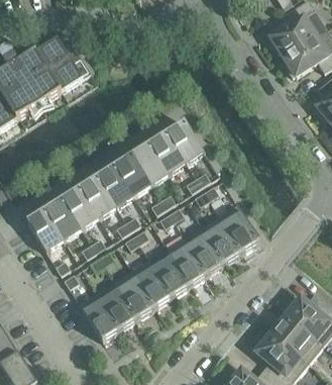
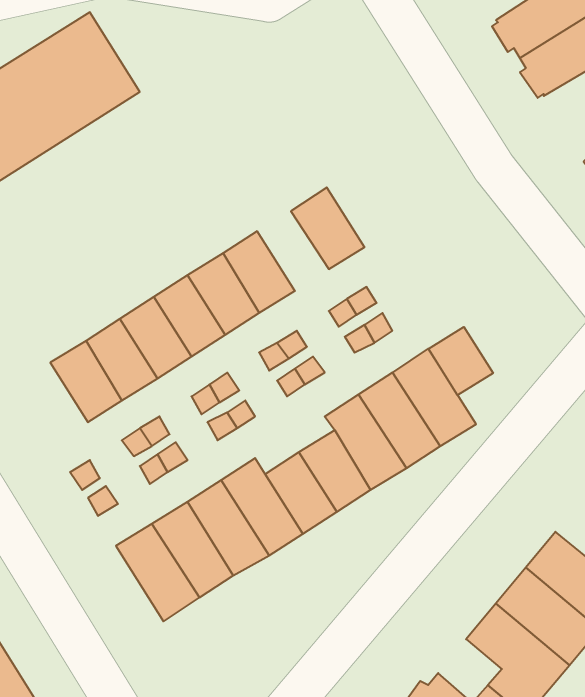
building: [149,133,186,174] -> none
building: none -> [428,327,493,395]
building: [27,210,64,252] -> none

